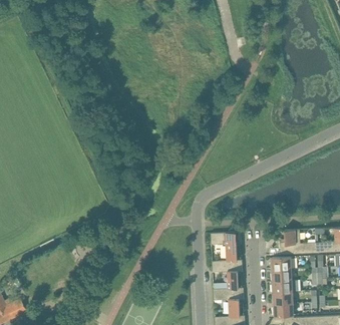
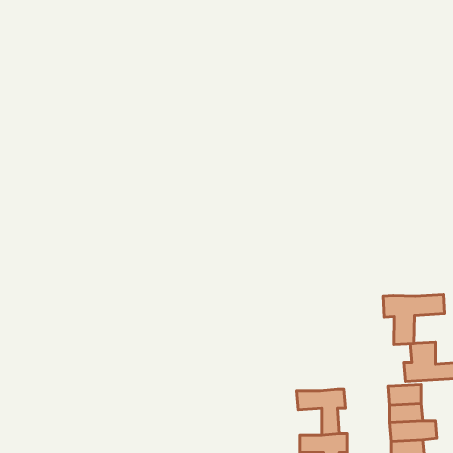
building: none -> [383,294,444,345]
building: [210,232,240,261] -> none

